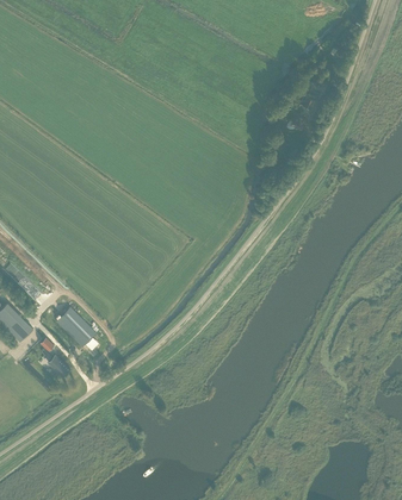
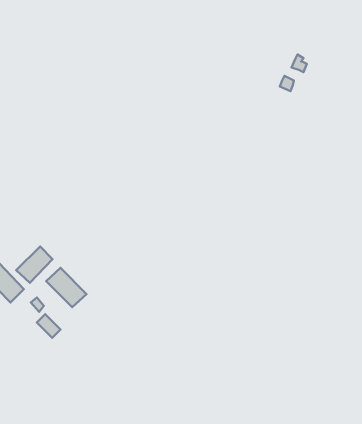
building: none -> [16,246,53,283]

